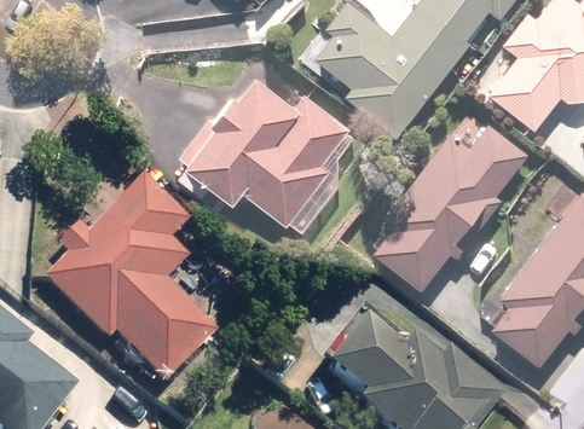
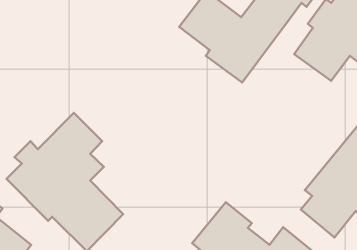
building: [172,75,352,228] -> none
building: [369,105,531,291] -> none

